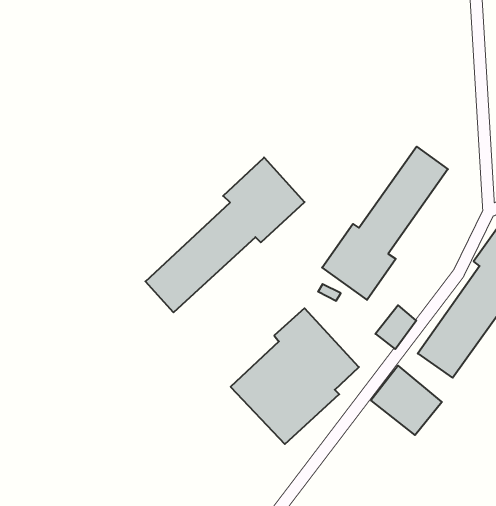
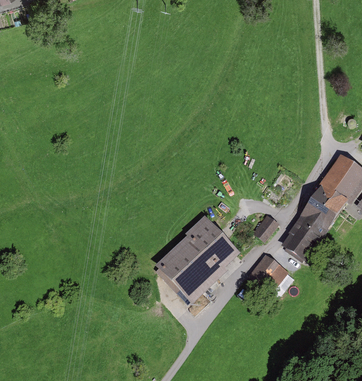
building: [322,147,448,300] -> none
building: [145,157,305,312] -> none

